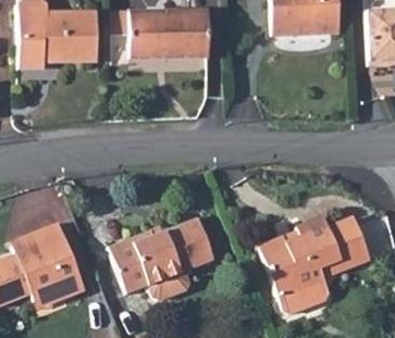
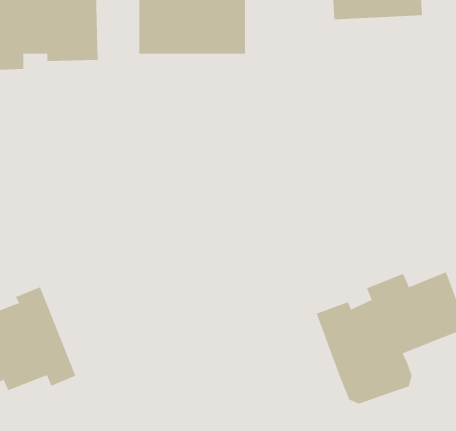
building: [108,221,213,301] -> none

